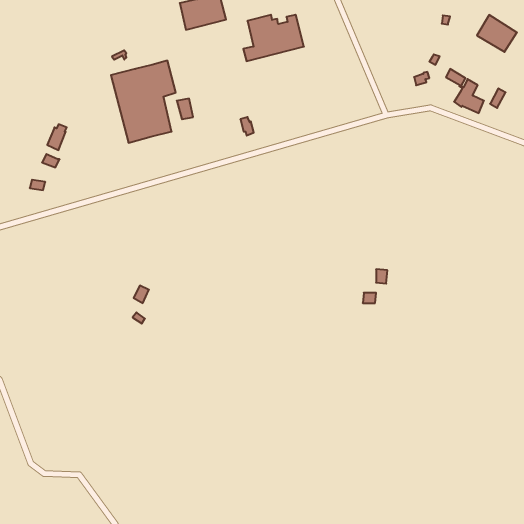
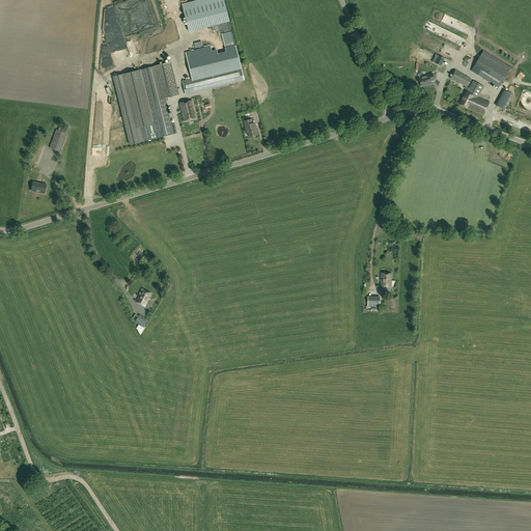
building: [243,15,304,61] -> [181,47,243,93]
building: [477,15,517,52] -> [470,50,510,87]

